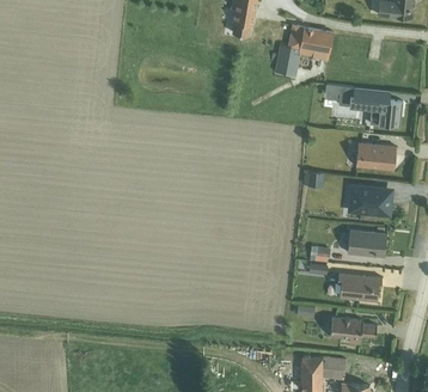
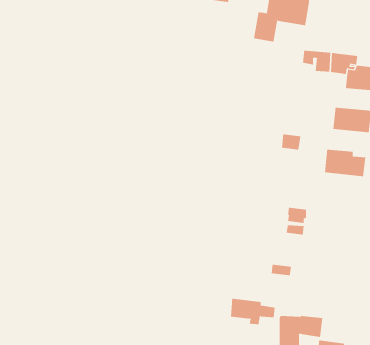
building: [348,227,387,255] -> none
building: [337,271,383,299] -> none
building: [330,314,377,342] -> [230,298,276,325]

